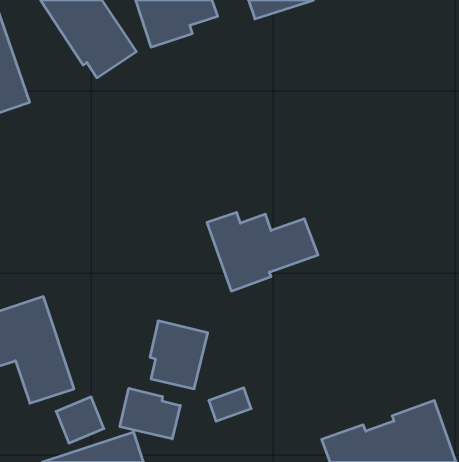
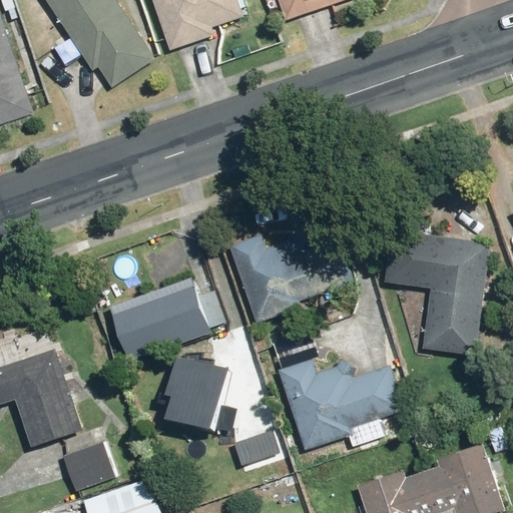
building: none -> [384,230,486,355]
building: none -> [110,277,226,362]
building: none -> [277,359,411,449]
building: [120,388,180,439] -> none

